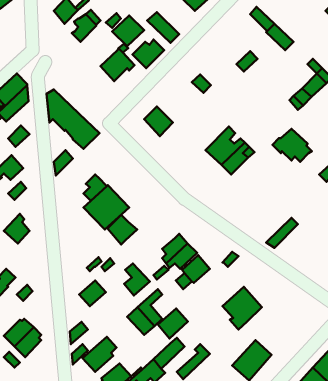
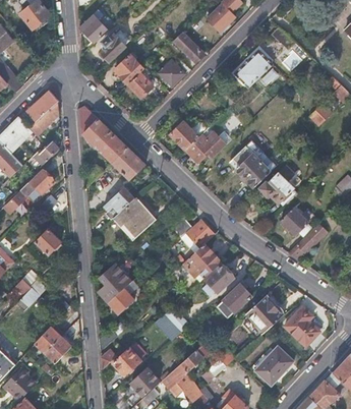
building: [112,15,144,46] -> [114,54,144,83]
building: none -> [232,49,273,89]
building: none -> [185,127,213,163]
building: [272,129,312,162] -> [259,173,297,204]
building: none -> [112,148,144,181]
building: none -> [280,209,314,237]
building: [107,215,137,244] -> [186,220,215,248]
building: [124,264,150,295] -> [99,272,123,302]
building: none -> [283,306,317,346]
building: [158,309,188,338] -> [222,284,250,312]

